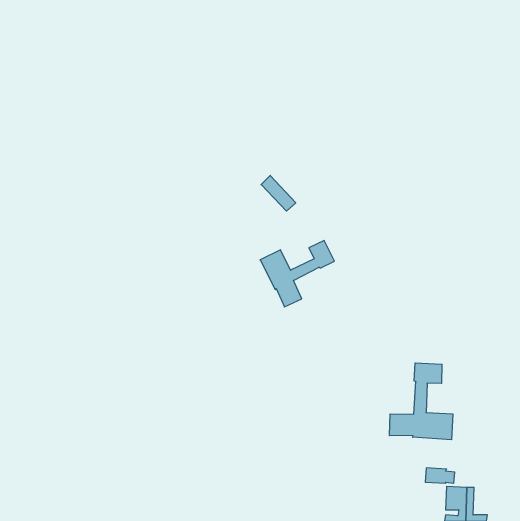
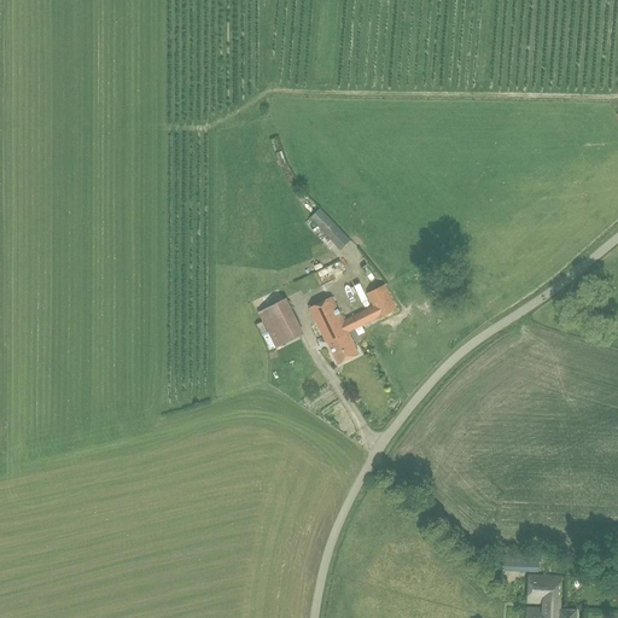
building: none -> [257,299,303,348]
building: [390,363,453,440] -> none

